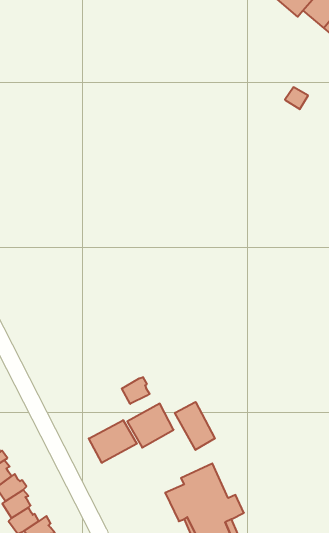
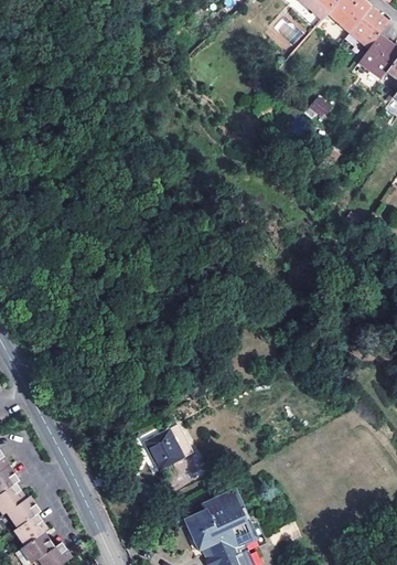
building: [122,377,150,404] -> none
building: [175,402,215,450] -> none
building: [89,420,137,463] -> none

